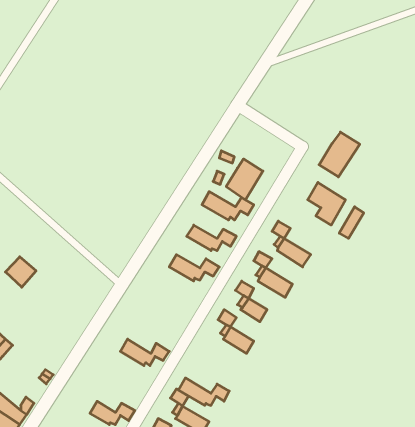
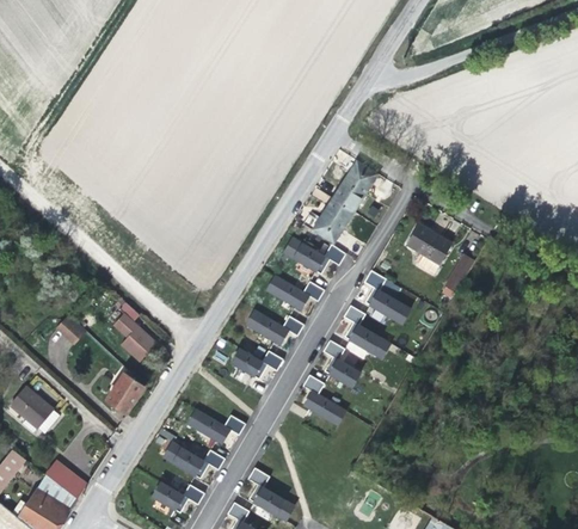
building: [319,132,360,177] -> [332,159,380,211]
building: none -> [116,299,156,358]
building: none -> [230,347,282,375]
building: none -> [107,361,143,412]
building: [178,378,229,405] -> [164,442,223,474]

